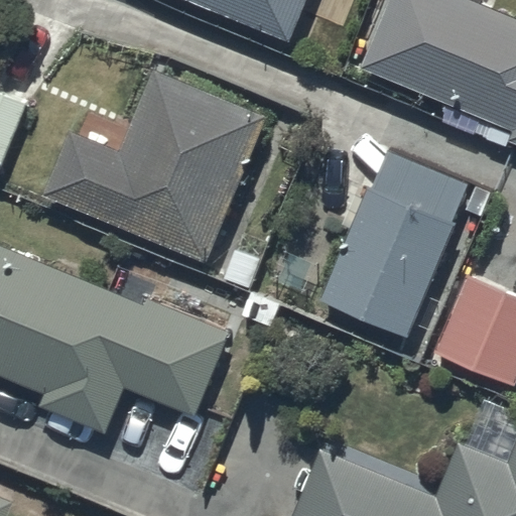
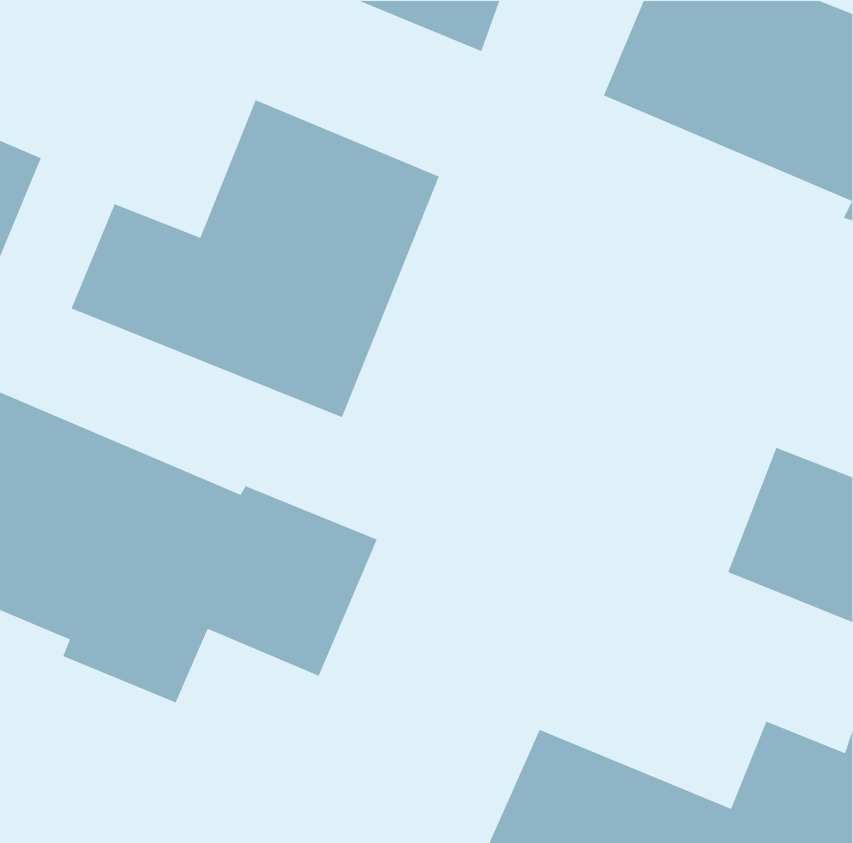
building: [319,152,490,335] -> none

